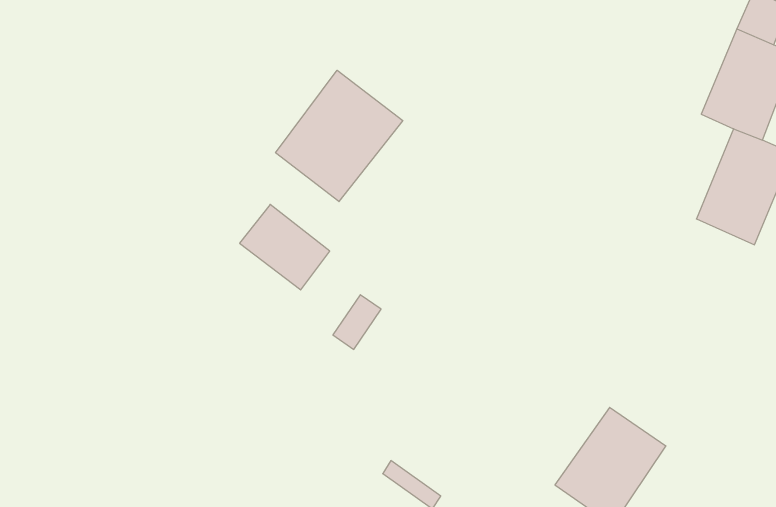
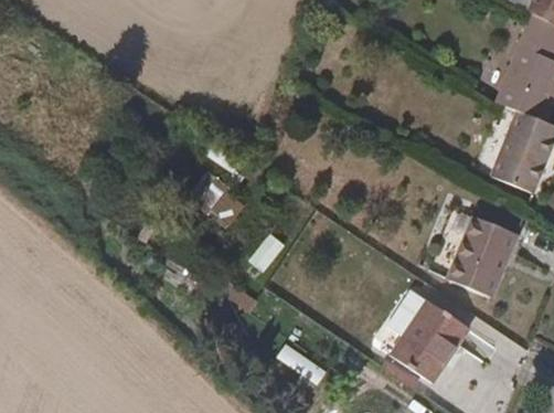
building: [276,70,403,202] -> none
building: none -> [448,216,515,298]

